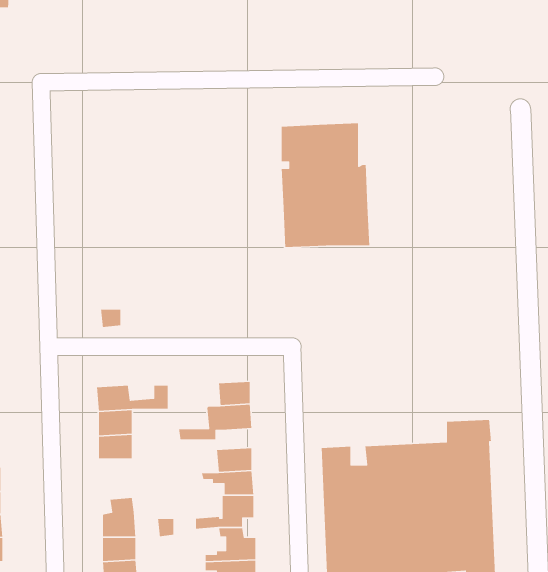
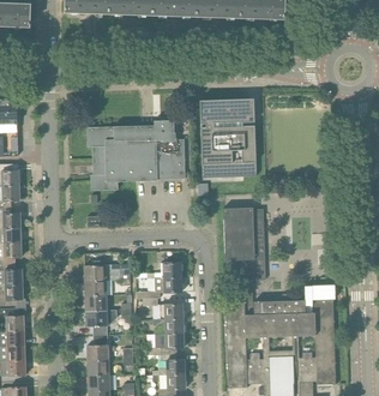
building: none -> [86,120,185,191]
building: none -> [223,208,265,281]
building: none -> [85,310,118,336]

